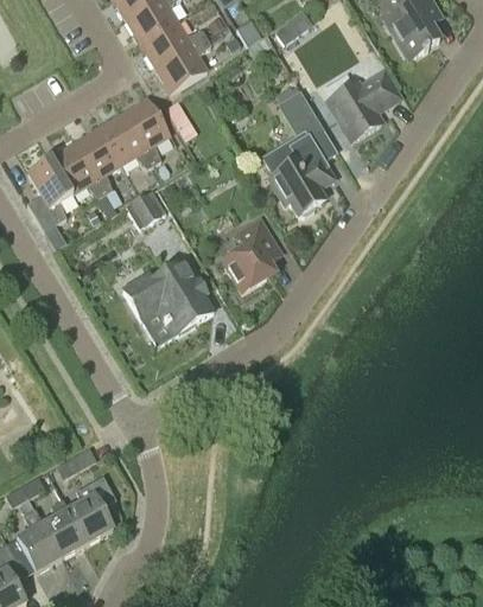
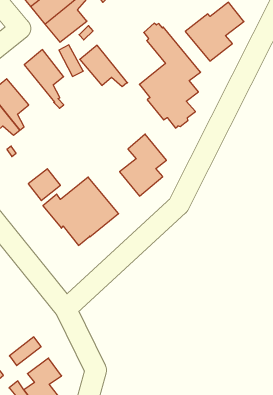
building: [100,113,154,167] -> [80,45,128,86]
building: [126,190,165,228] -> [28,169,60,201]

